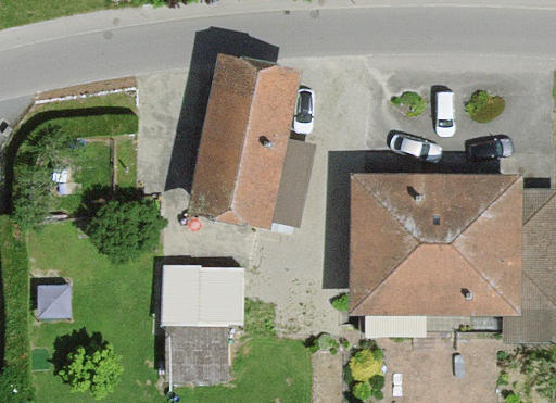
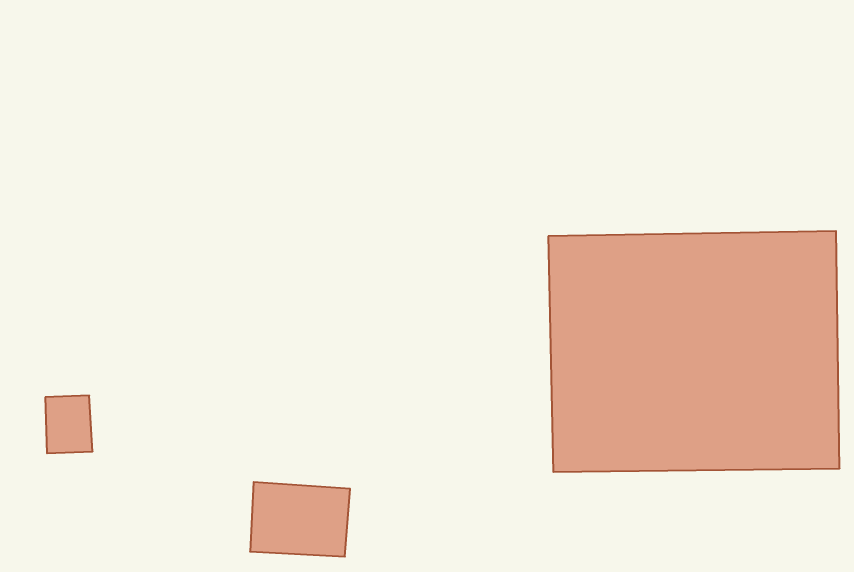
building: [189,51,307,224] -> none
building: [156,264,243,327] -> none

